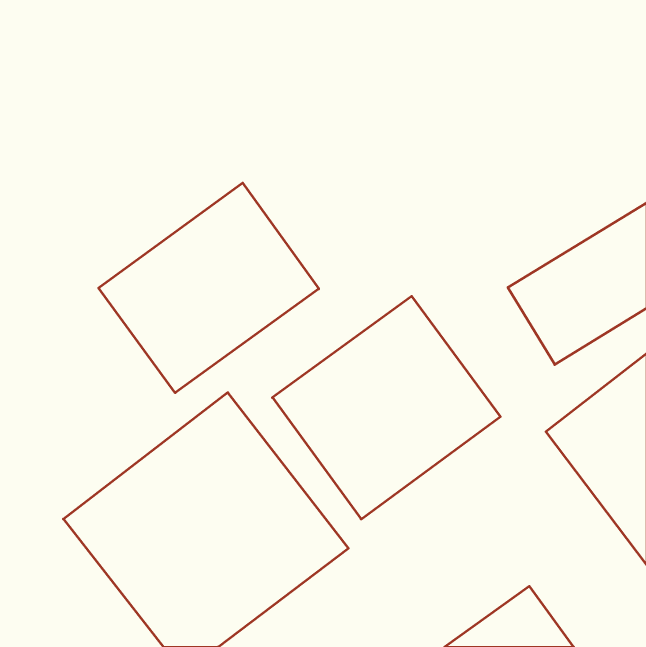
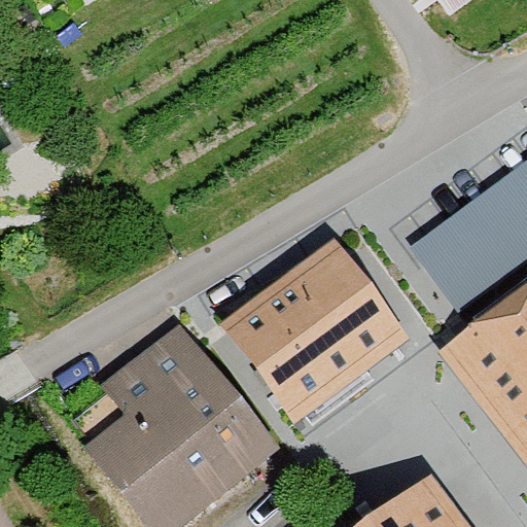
building: [99,183,319,393] -> none

